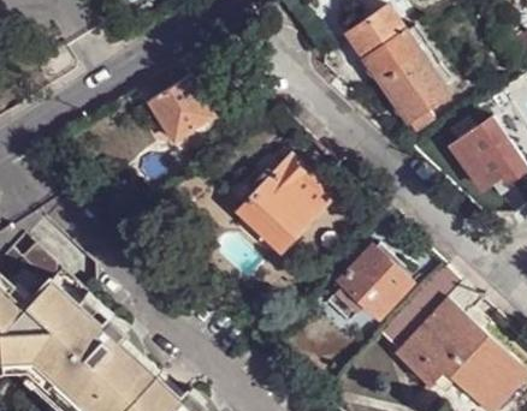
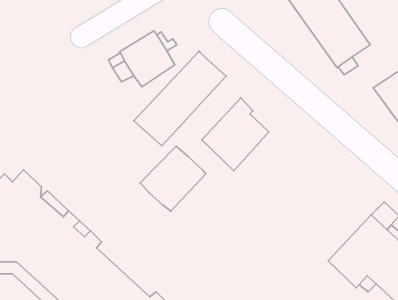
building: none -> [134,51,226,146]
building: none -> [140,146,206,212]
building: [338,246,410,318] -> none

